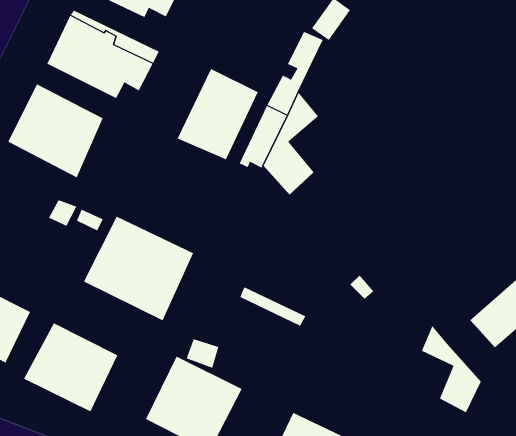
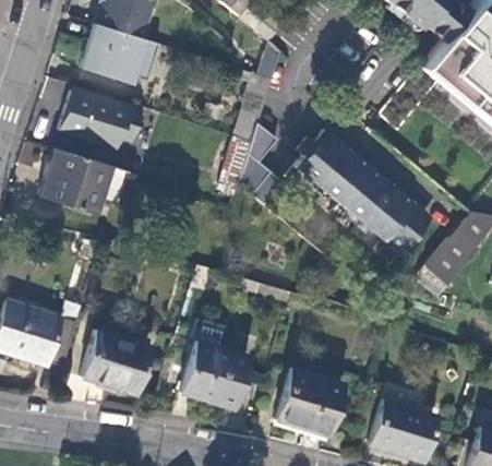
building: [177,68,259,160] -> none
building: none -> [295,128,425,253]
building: [83,216,194,321] -> none
building: [421,325,482,413] -> none

